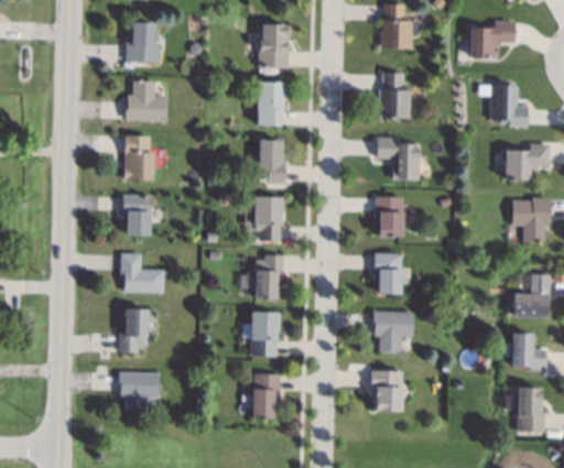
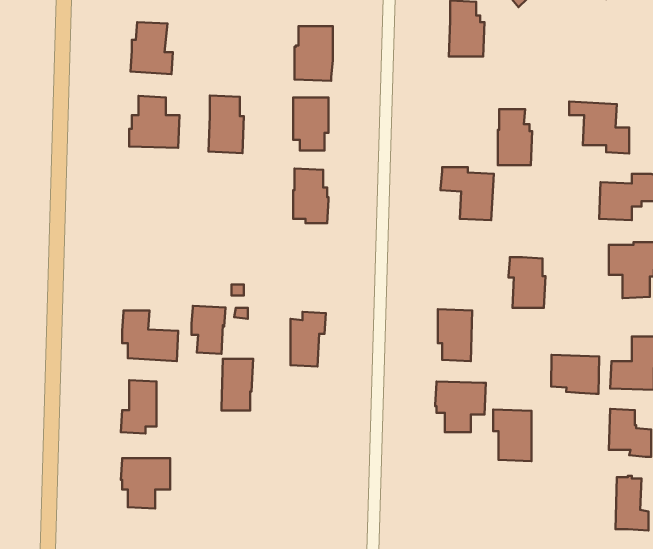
building: [471,20,517,57] -> none
building: [382,73,410,118] -> [498,109,532,165]
building: [124,135,153,182] -> [208,96,244,153]
building: [123,196,151,235] -> [191,306,226,354]
building: [375,196,404,237] -> [508,257,545,308]
building: [256,197,283,240] -> none
building: none -> [551,355,599,394]
building: [252,313,278,355] -> [222,359,253,411]
building: [371,370,402,412] -> [493,409,531,461]
building: [252,374,281,420] -> none

